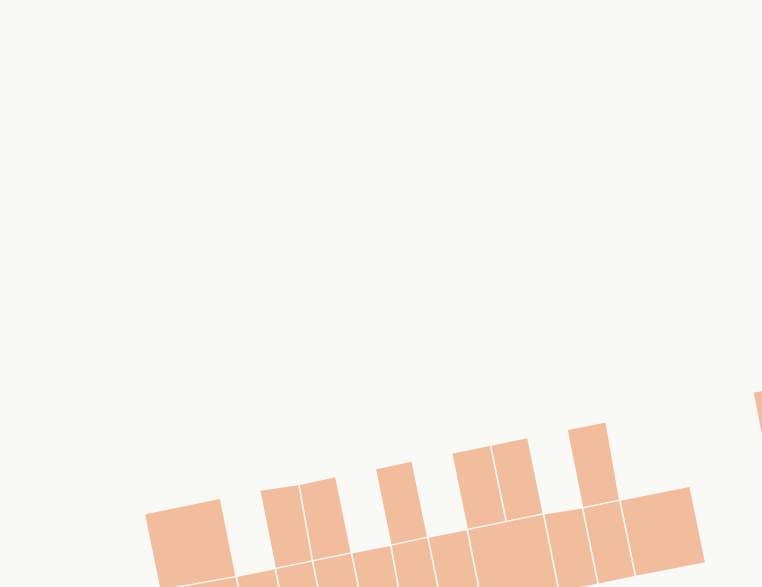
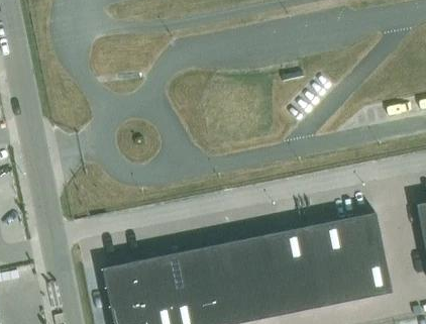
building: none -> [340,213,384,260]
building: none -> [300,224,328,267]
building: none -> [240,236,269,280]
building: none -> [201,244,229,288]
building: none -> [141,255,170,300]

